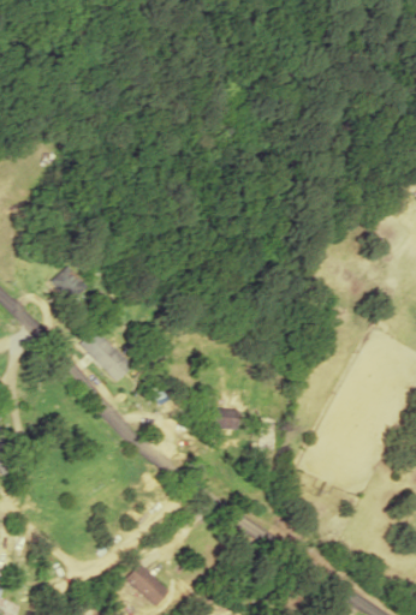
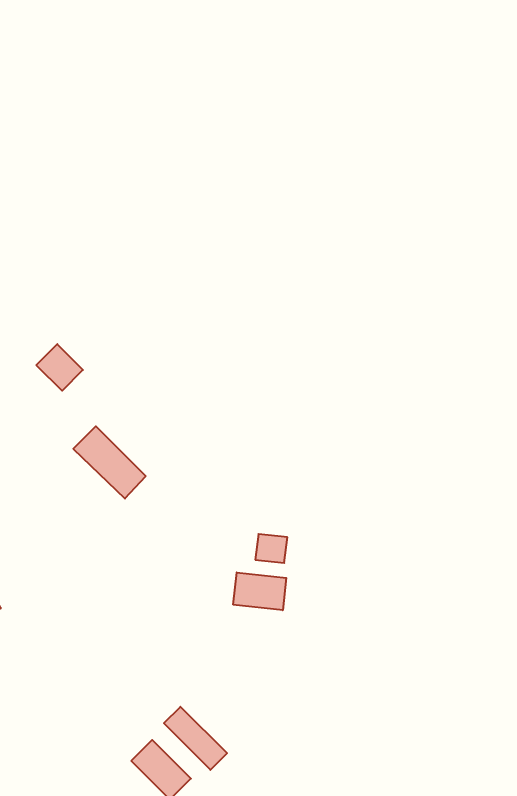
building: none -> [233,572,286,610]
building: none -> [164,707,227,770]

